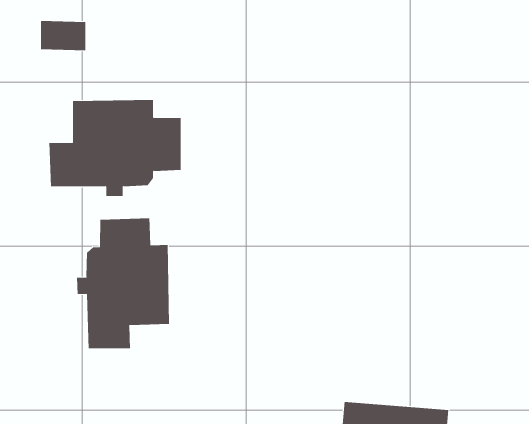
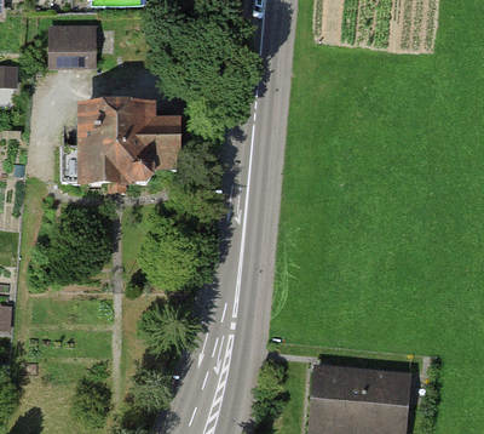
building: [77,217,169,349] -> none

